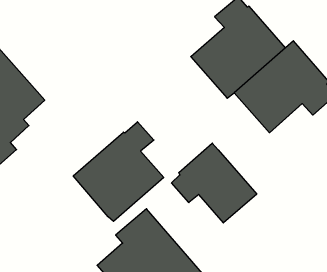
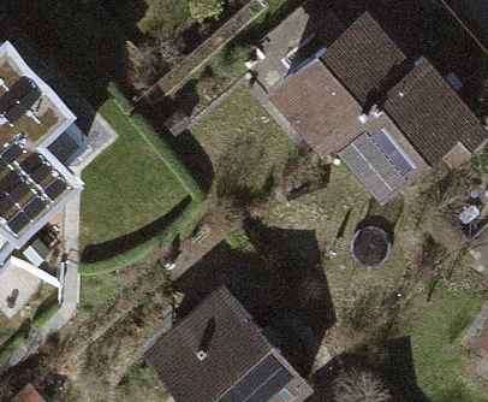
building: [73,122,164,221] -> none
building: [172,143,257,223] -> none

